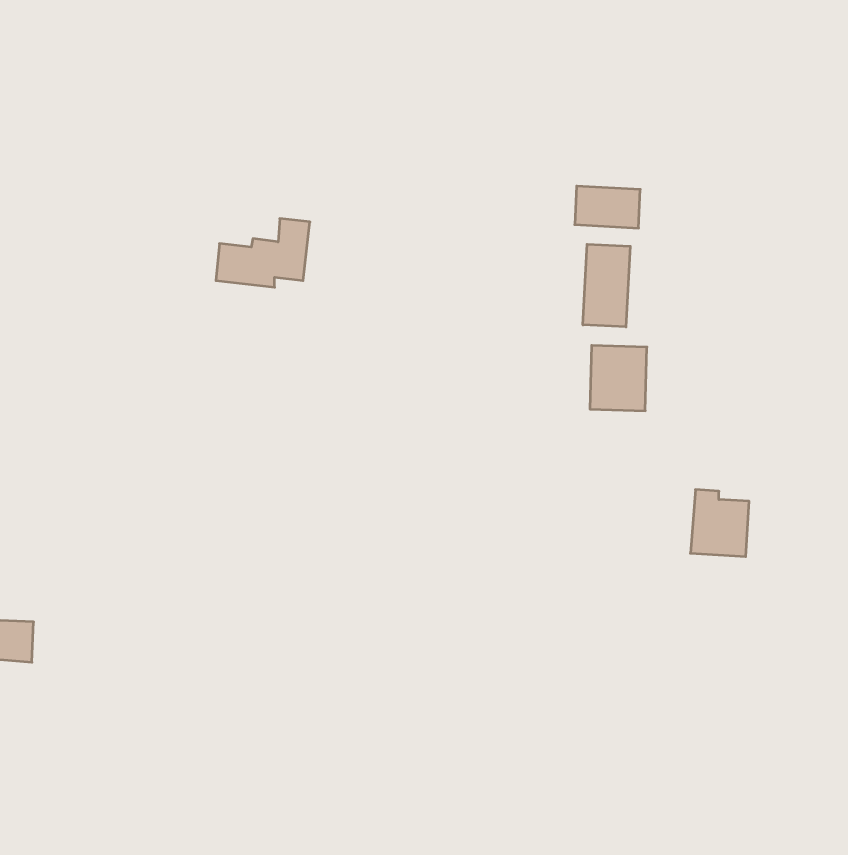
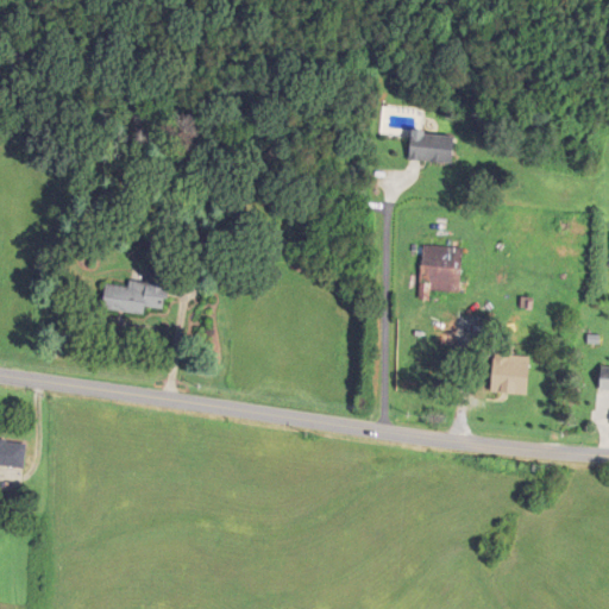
building: [216,219,310,287] -> [100,266,167,315]
building: [583,244,630,327] -> none

